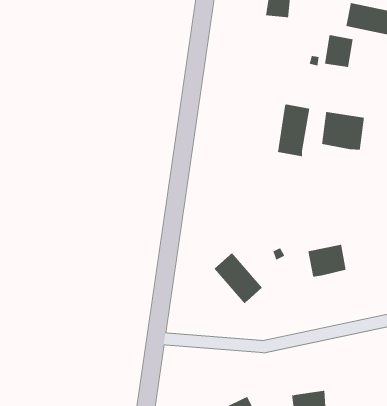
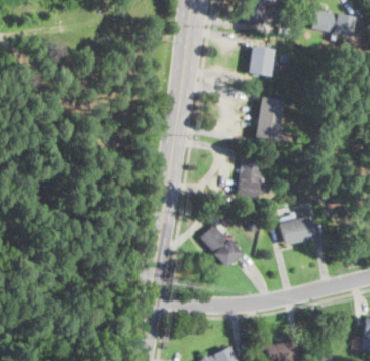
building: [324,34,354,67] -> [249,46,274,75]
building: [322,111,365,151] -> none
building: none -> [237,158,270,198]

